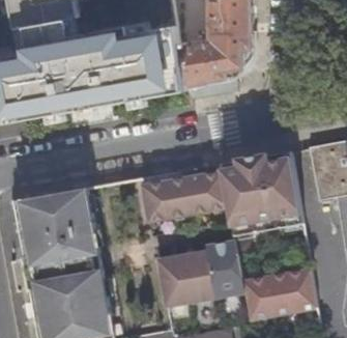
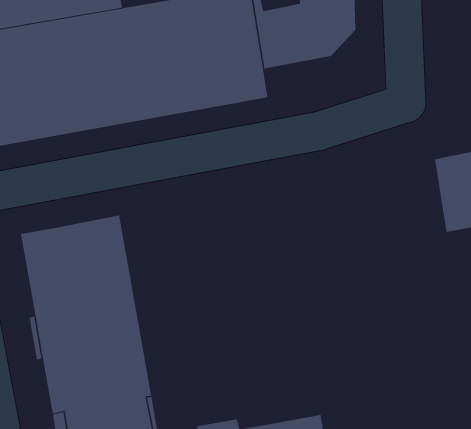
building: [140,149,300,232] -> none
building: [157,237,315,317] -> none

